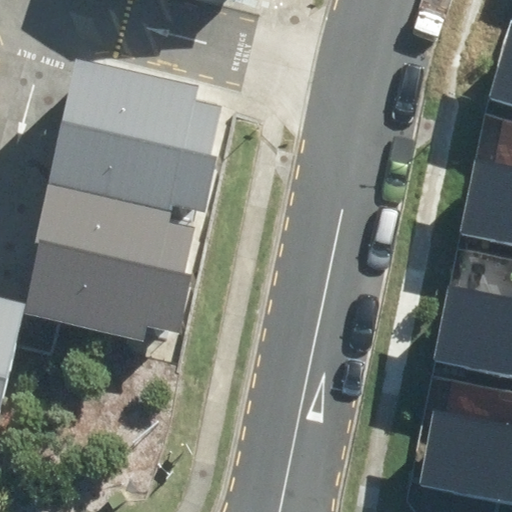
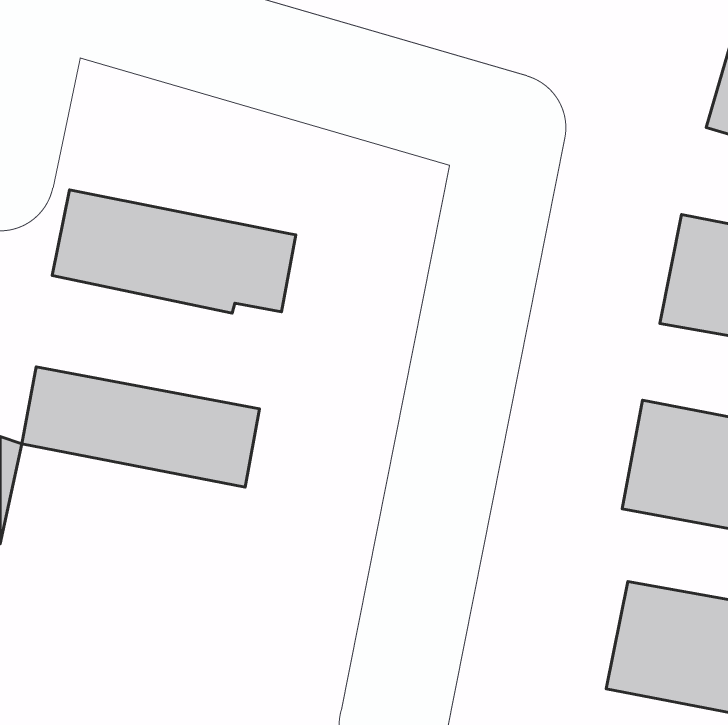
building: [57,66,218,161] -> none
building: [34,190,194,281] -> none

